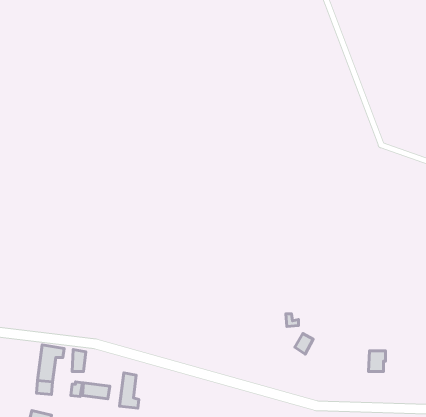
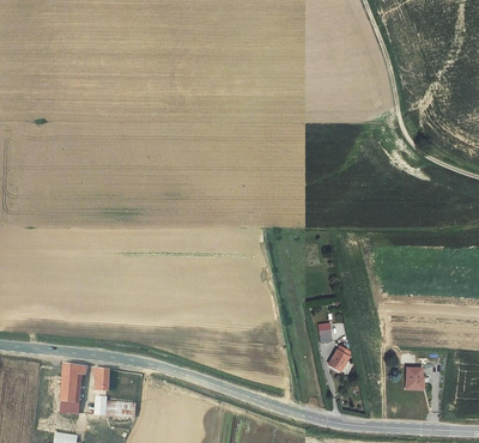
building: [120,373,139,408] -> none

